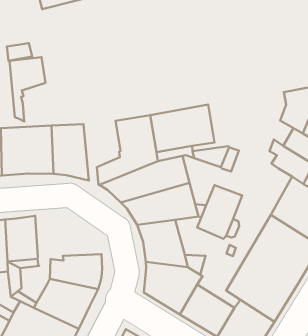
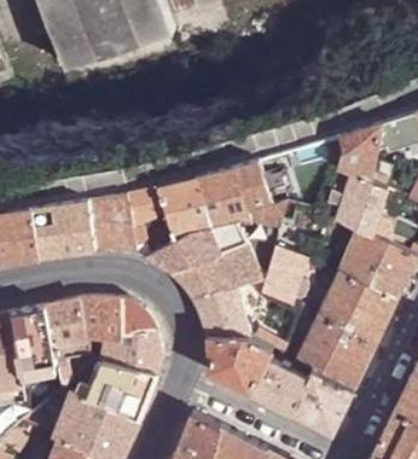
building: [9,57,46,121] -> [122,185,164,257]
building: none -> [79,296,156,344]

